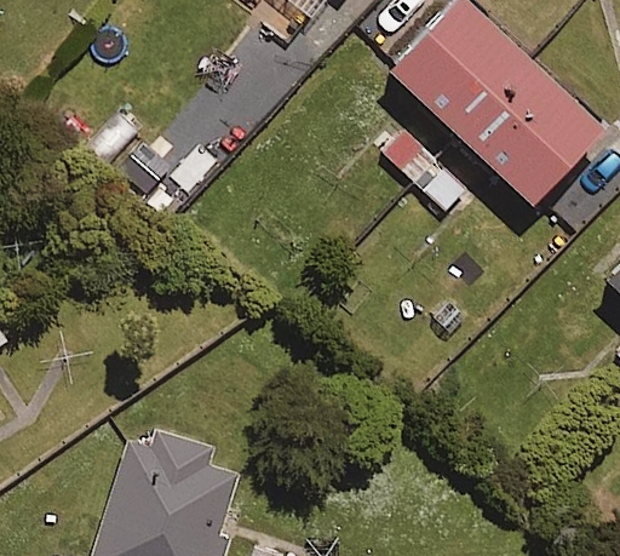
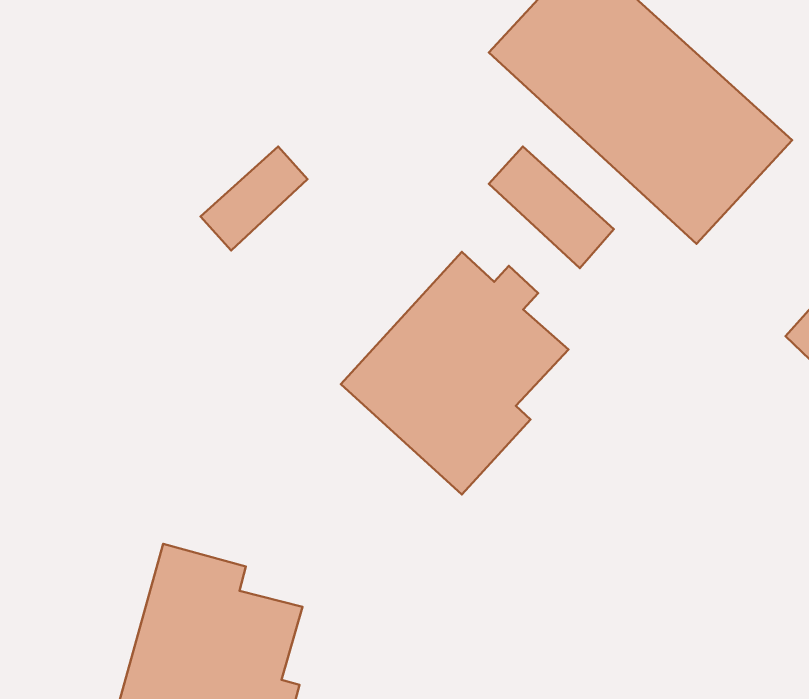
building: none -> [341,252,569,494]

